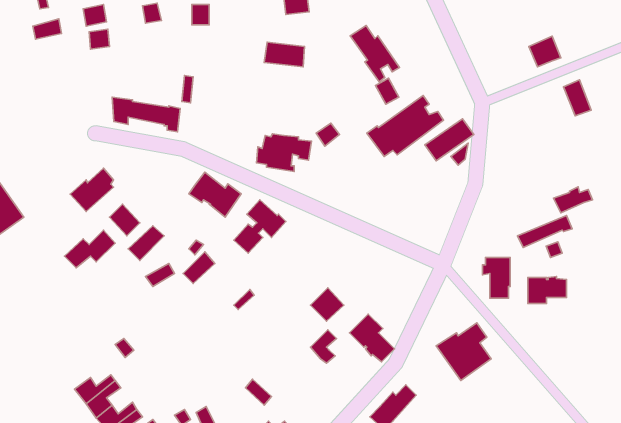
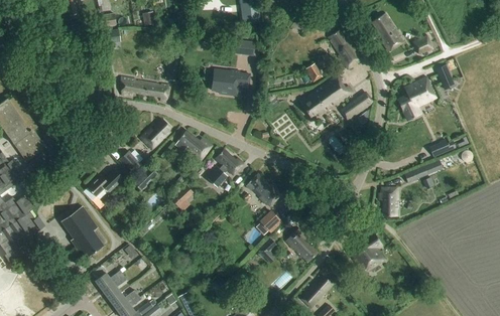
building: none -> [372,13,404,51]
building: [350,26,399,82] -> [328,30,362,69]
building: none -> [397,76,438,121]
building: [256,134,311,172] -> [212,69,250,96]
building: [70,168,114,212] -> [140,119,170,149]
building: none -> [246,173,280,204]
building: [528,277,567,303] -> none
building: none -> [61,206,105,259]

